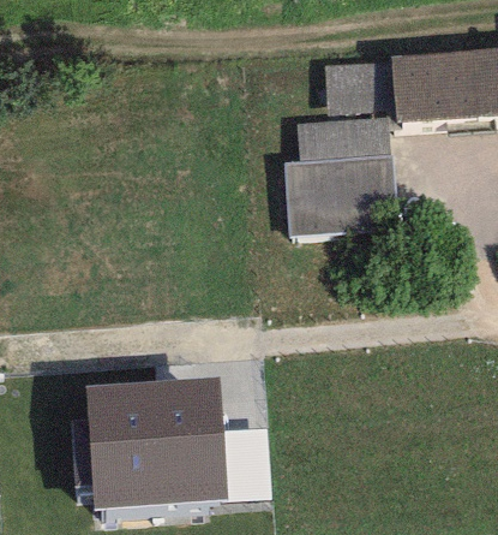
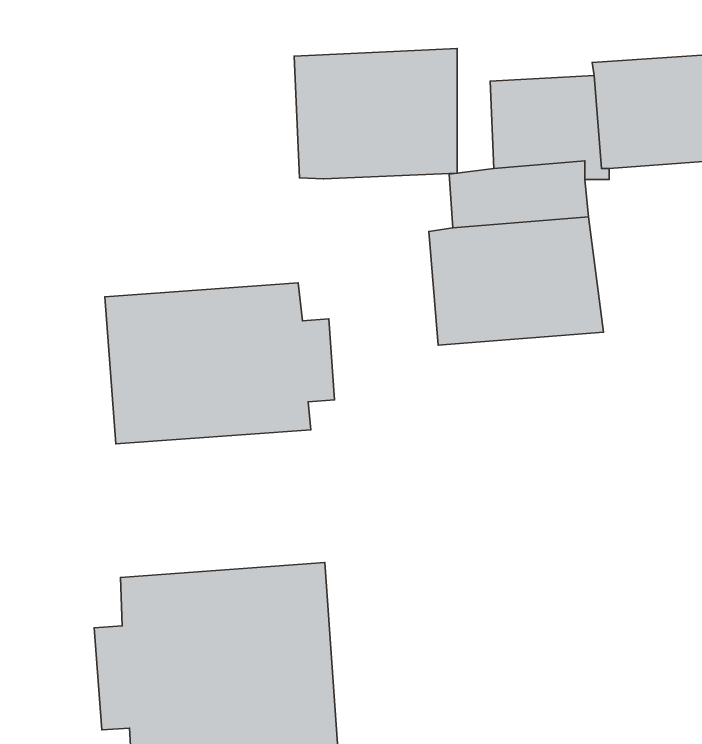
building: none -> [294,49,457,179]
building: none -> [105,283,335,444]

